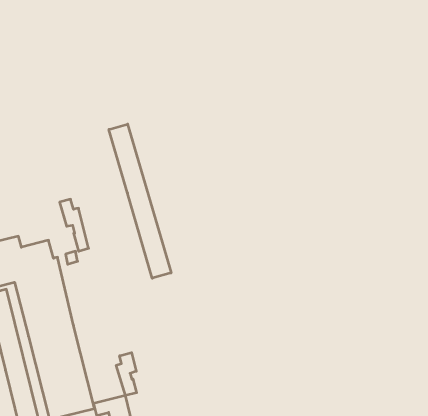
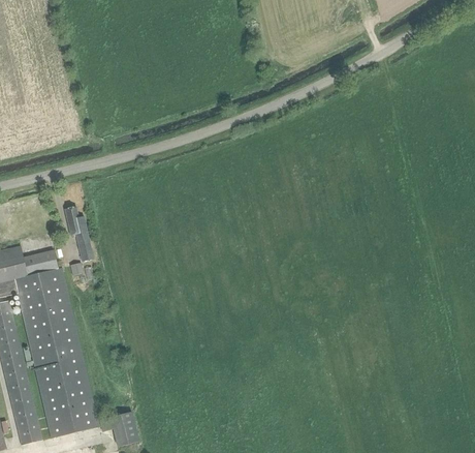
building: [109,124,171,278] -> none
building: [116,353,137,395] -> none

